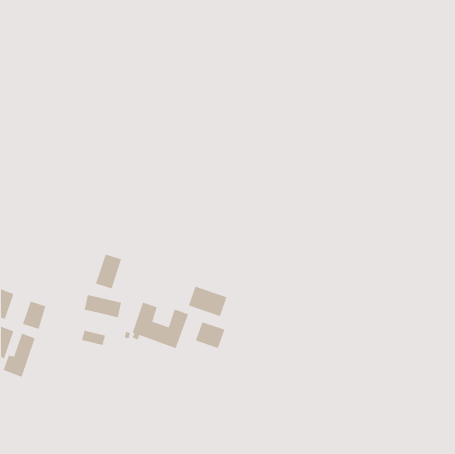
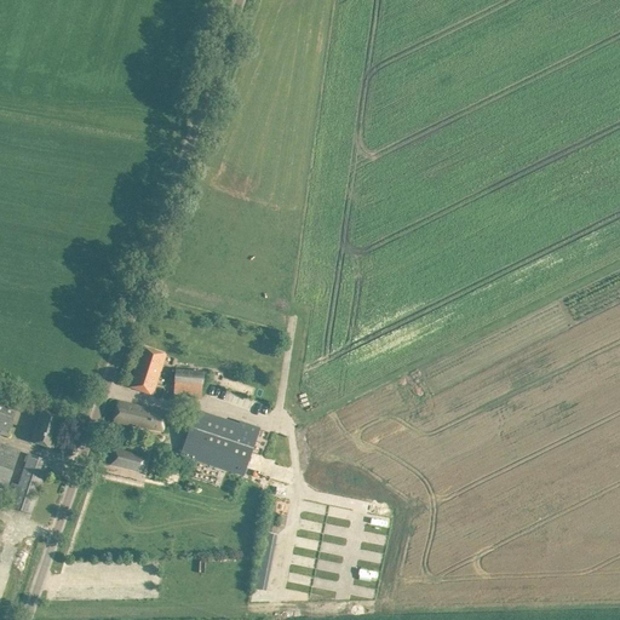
building: none -> [173,369,203,398]
building: [188,286,227,317] -> none
building: [195,321,225,349] -> none

